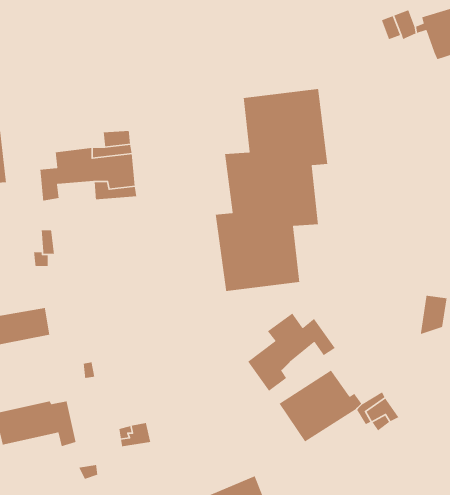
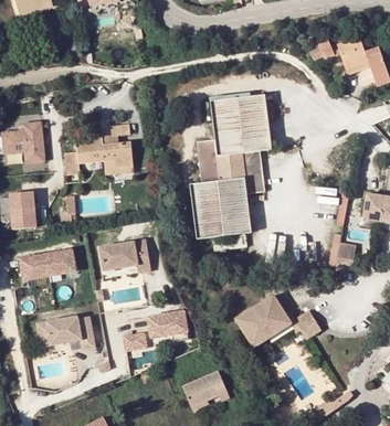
building: none -> [99,239,151,271]
building: [247,313,336,392] -> none
building: none -> [146,311,186,340]

